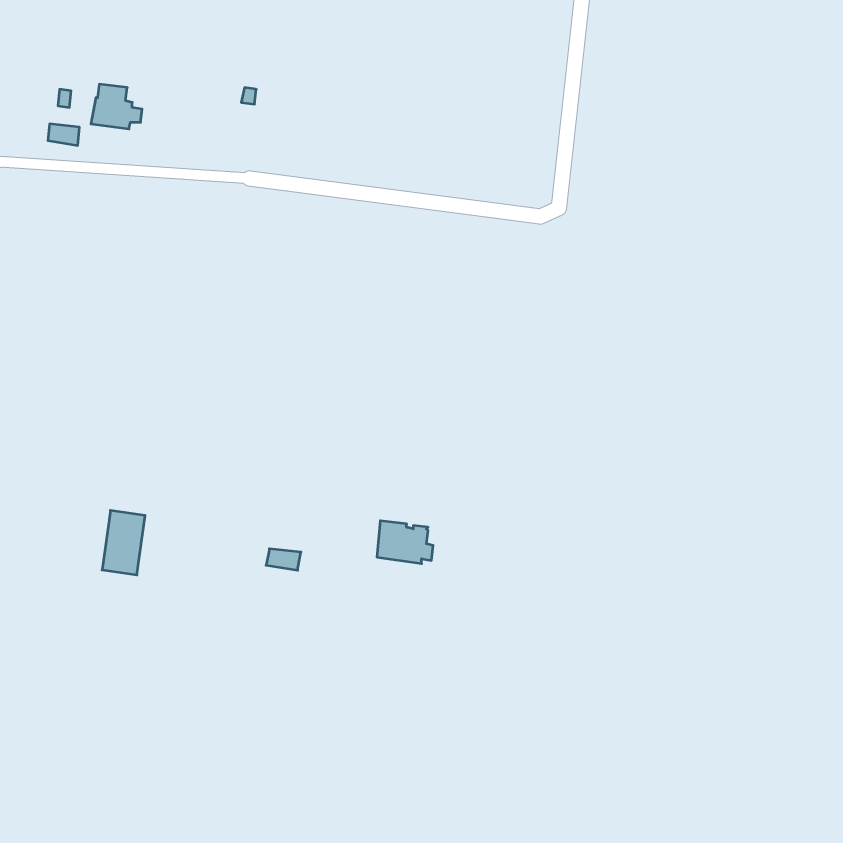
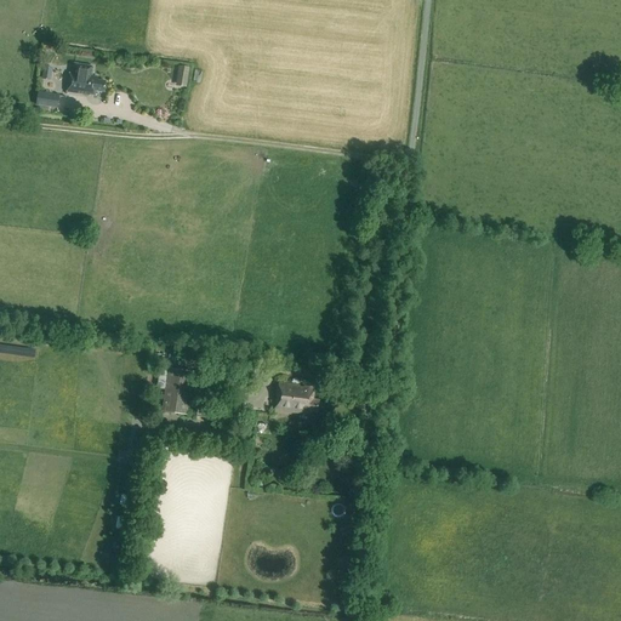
building: [102,510,145,575] -> [163,366,194,414]

